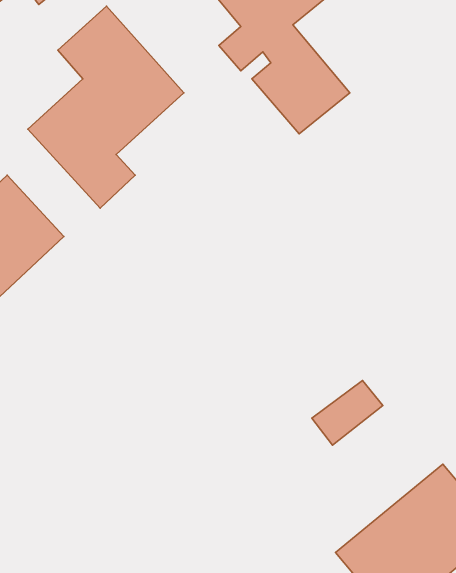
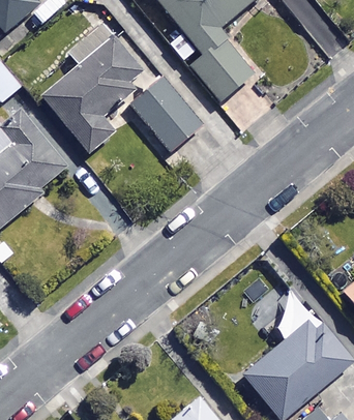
building: none -> [131,79,202,151]

